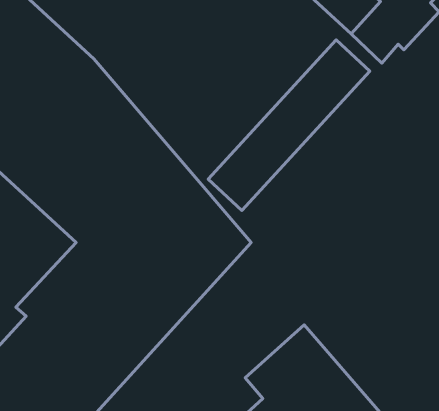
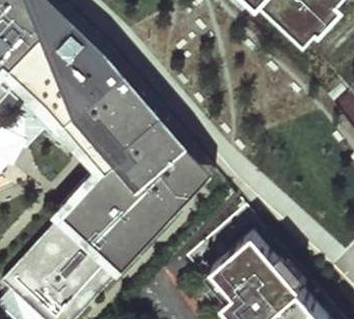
building: [208,40,370,210] -> none

